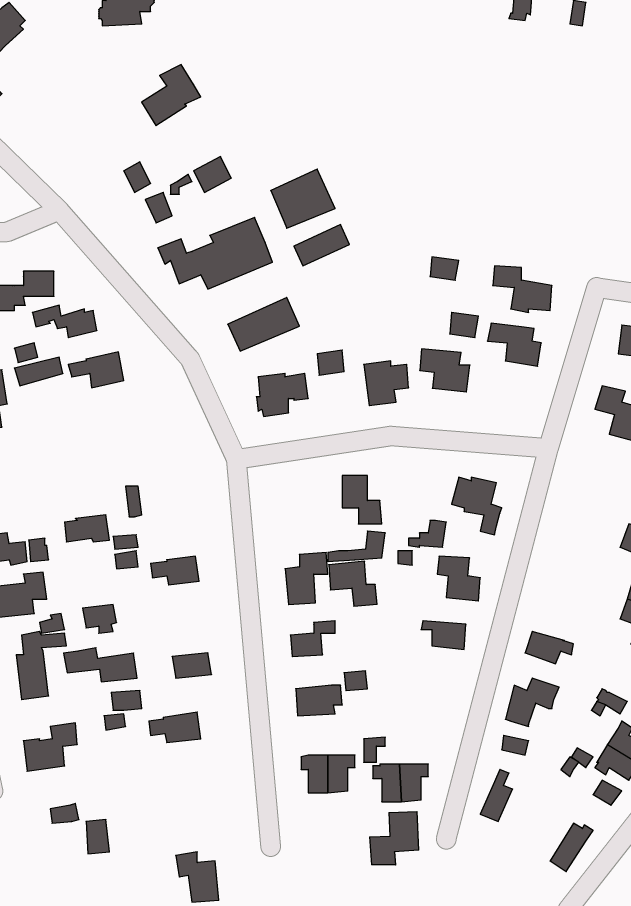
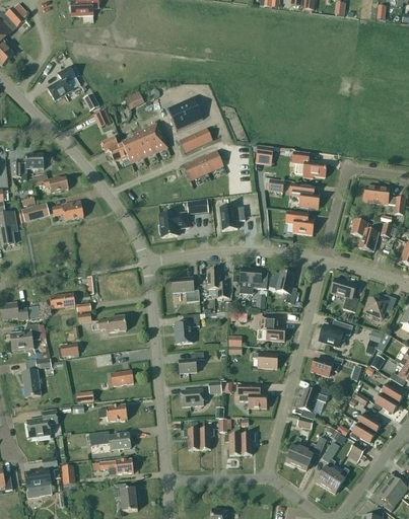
building: [142,65,201,126] -> [47,67,80,101]
building: [228,297,299,351] -> [183,150,223,180]
building: [420,349,470,392] -> [285,211,314,235]
building: none -> [240,268,267,295]
building: none -> [330,278,358,312]
building: [329,561,377,606] -> [172,277,199,302]
building: none -> [319,321,352,347]
building: [64,648,137,682] -> [89,431,131,450]
building: none -> [237,385,266,409]
building: none -> [295,437,326,470]
building: none -> [316,442,339,489]
building: none -> [99,459,133,476]
building: [370,812,419,865] -> none
building: none -> [25,469,52,500]

